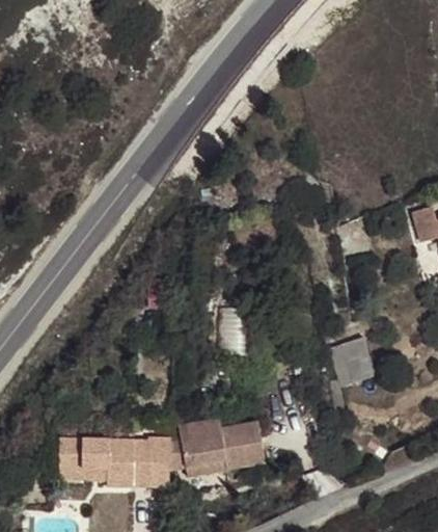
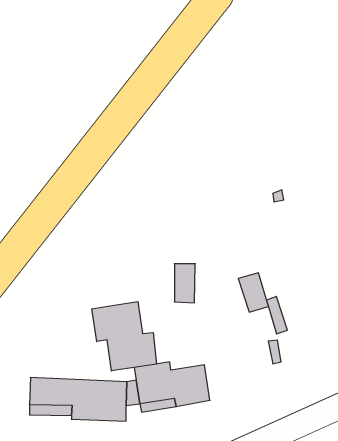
building: [340,338,375,382] -> [238,273,268,312]
building: none -> [92,302,157,371]

